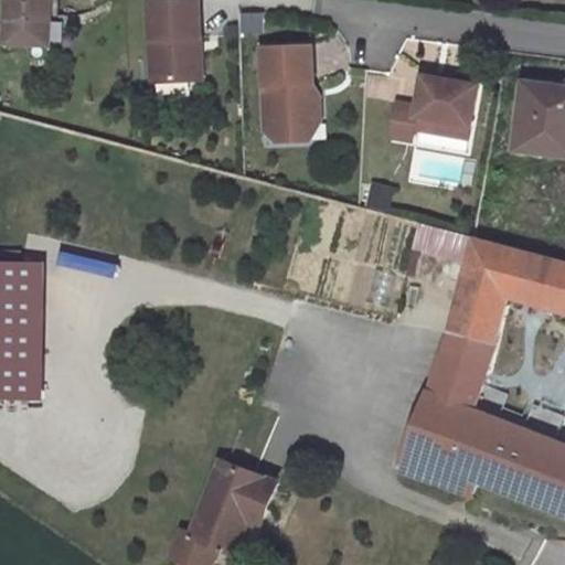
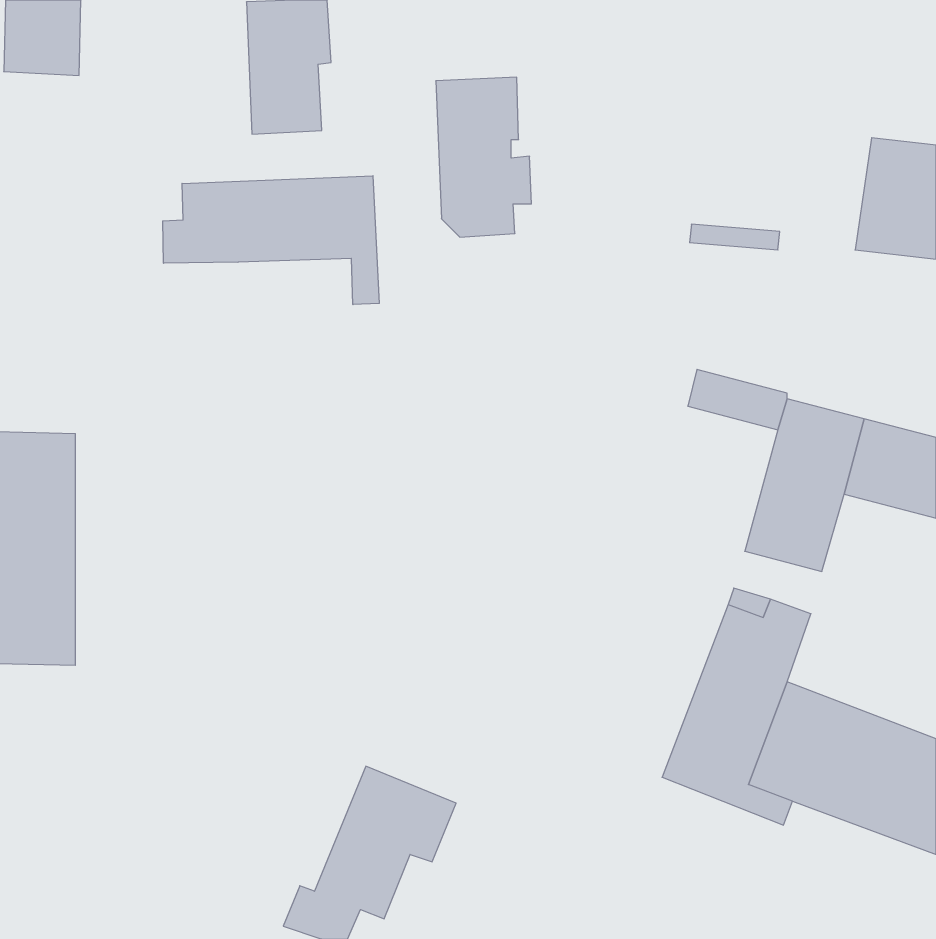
building: [388,75,475,140] -> none
building: none -> [163,176,379,305]

